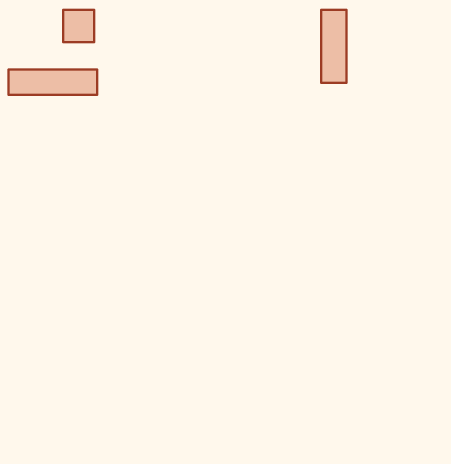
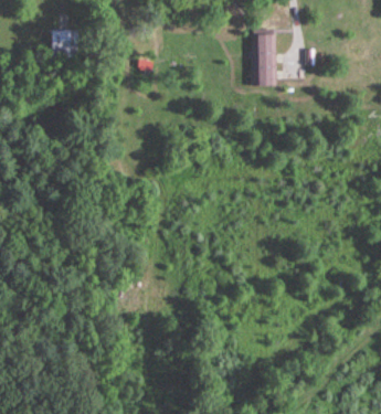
building: [8,70,97,95] -> none

